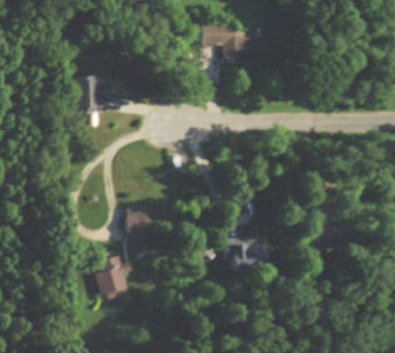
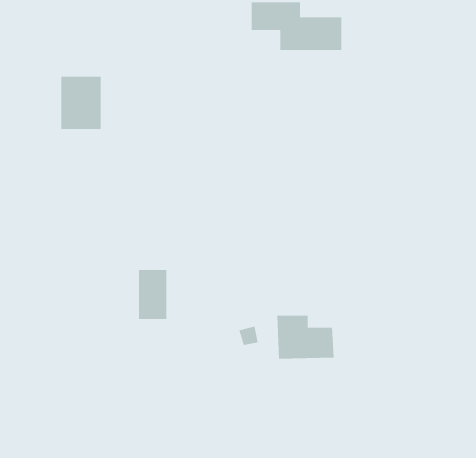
building: [98,258,130,296] -> none

